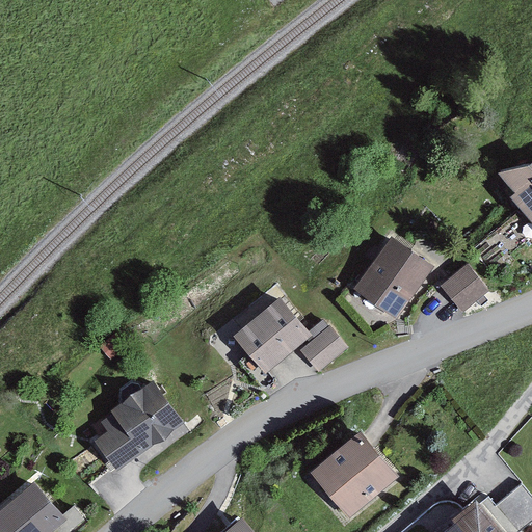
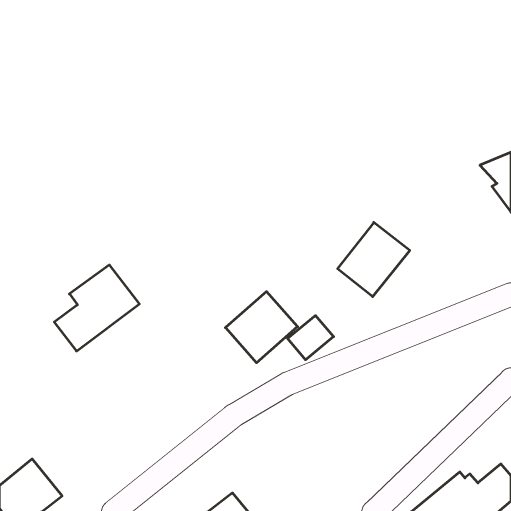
building: [441,266,485,312] -> none
building: [94,385,182,475] -> [54,265,139,351]
building: [312,427,399,513] -> none

